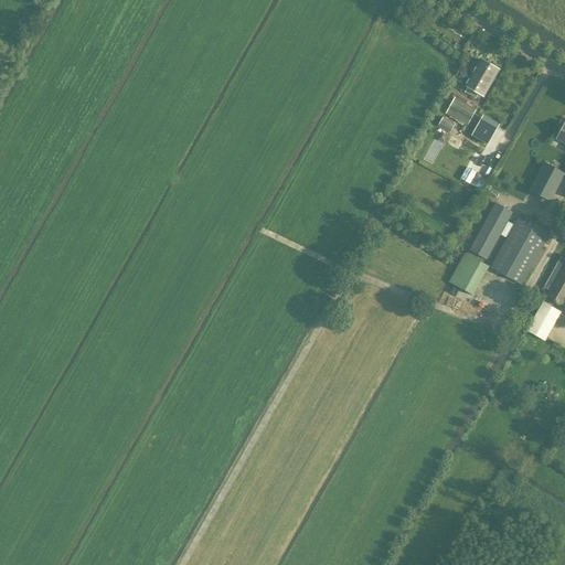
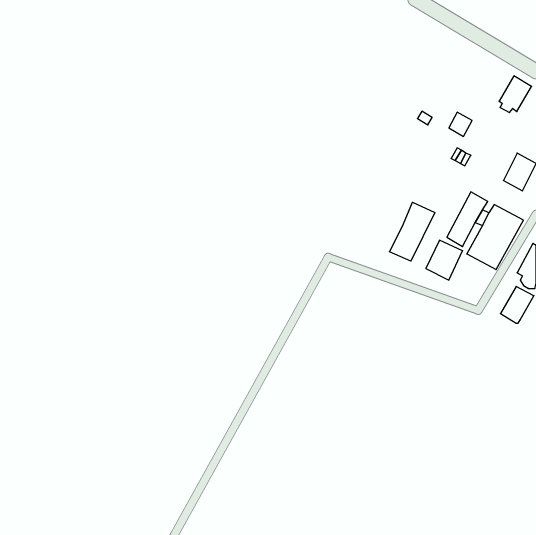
building: [465,58,499,97] -> [499,76,532,113]
building: [446,97,477,125] -> none
building: none -> [389,202,435,261]

